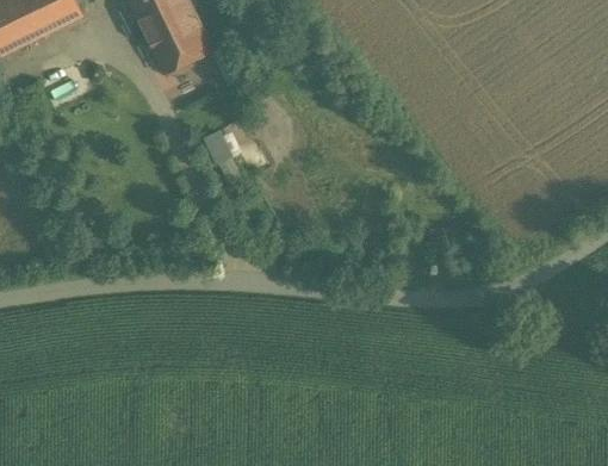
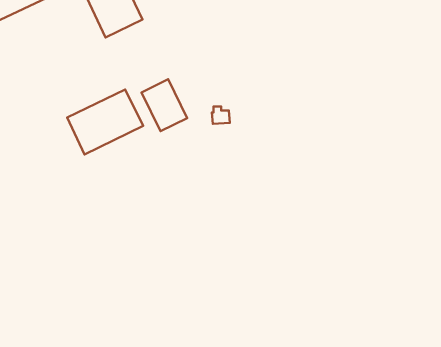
building: none -> [67,90,143,154]

